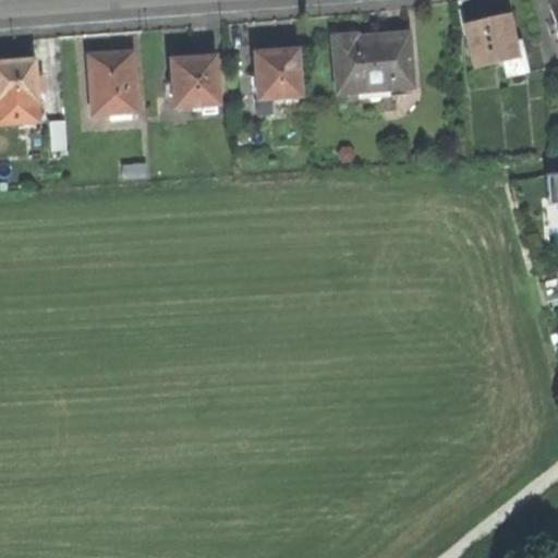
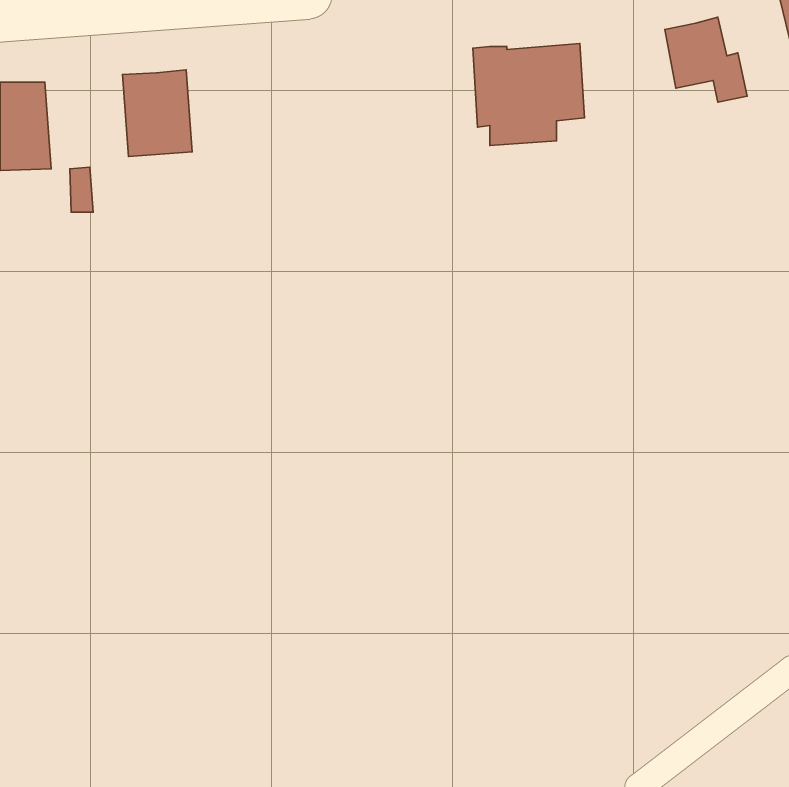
building: [255,48,299,95] -> none
building: [172,54,218,105] -> none

